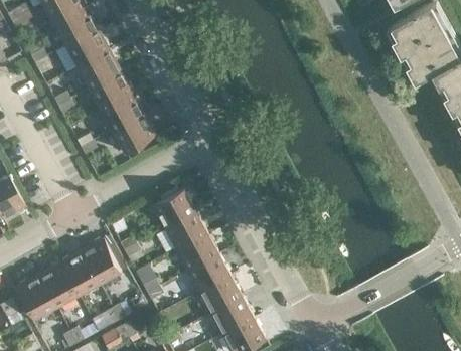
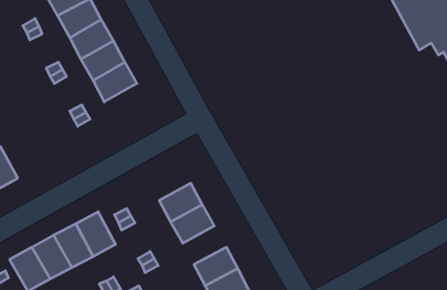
building: [110,114,154,154] -> none
building: [152,190,195,229] -> none
building: [187,254,231,293] -> none

